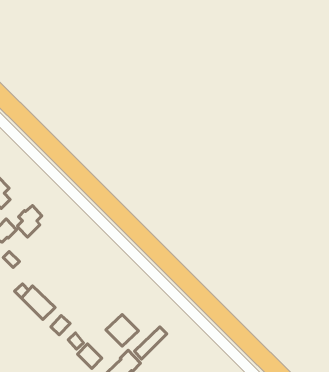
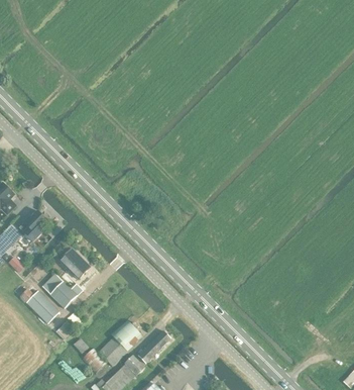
building: none -> [60,249,90,279]
building: none -> [41,274,83,309]
building: none -> [99,337,126,366]

